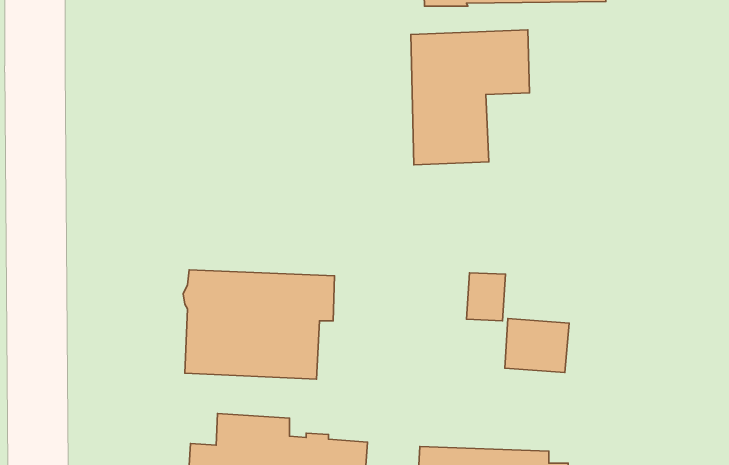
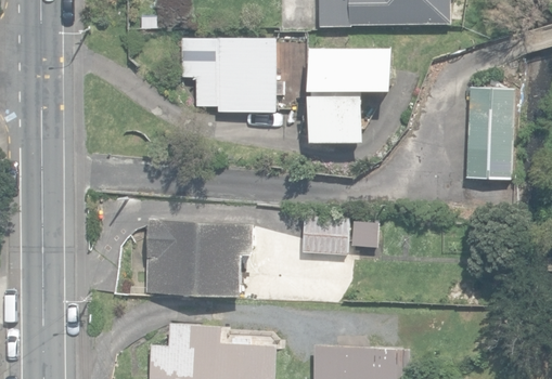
building: none -> [181,39,275,112]
building: none -> [465,90,513,181]
building: [505,319,569,373] -> [301,215,348,254]

